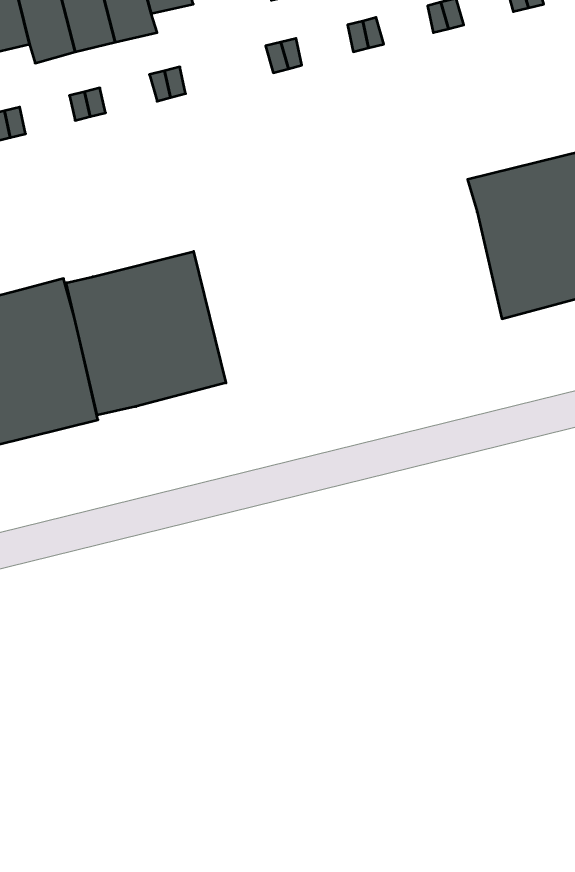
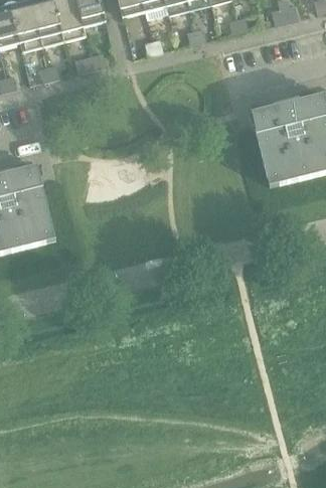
building: [66,251,226,415] -> none

